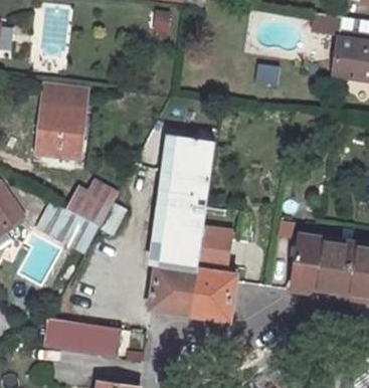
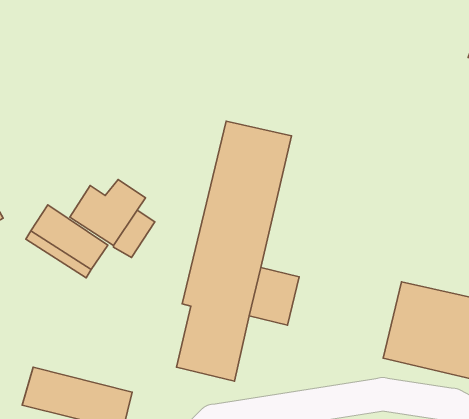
building: [37,82,84,159] -> none
building: [190,268,234,321] -> none

